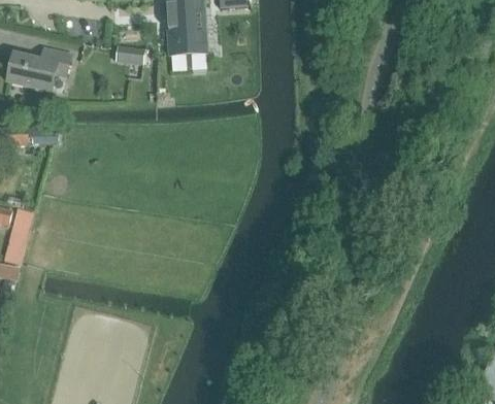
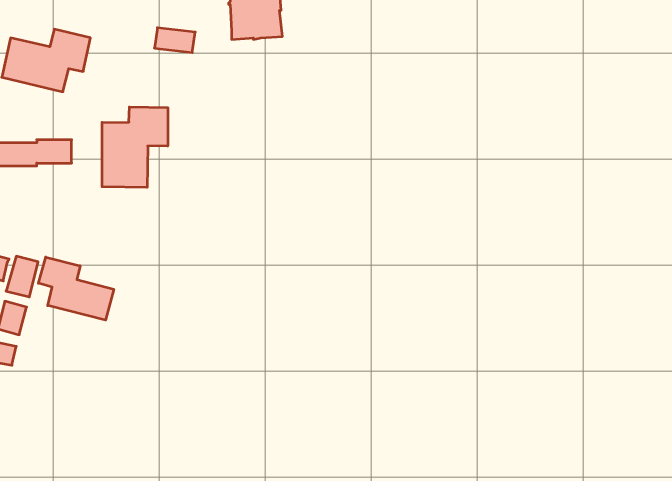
building: none -> [102,107,168,187]
building: none -> [38,257,114,320]

